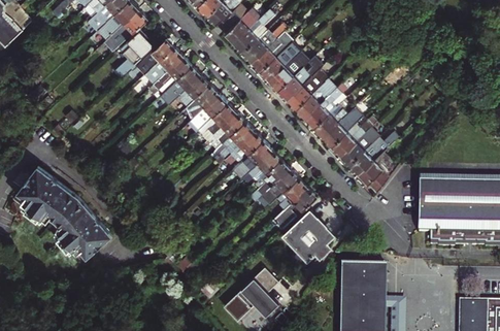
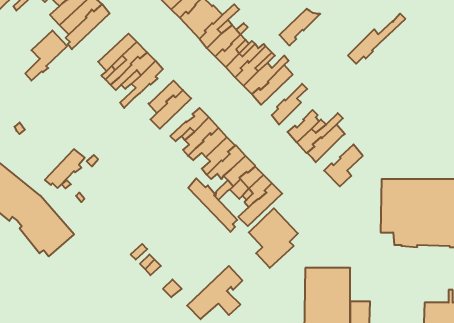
building: [112,31,154,80] -> [25,30,67,81]
building: [170,75,209,110] -> none
building: [296,85,336,121] -> [279,9,320,45]
building: [197,104,235,142] -> none
building: [313,106,346,137] -> none
building: [349,126,406,175] -> [348,14,405,64]
building: none -> [45,149,85,188]
building: none -> [188,178,237,232]

